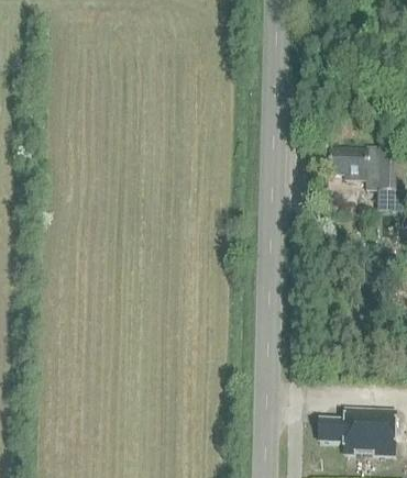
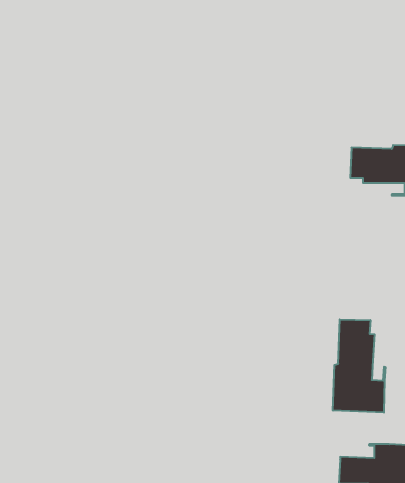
building: none -> [333,319,385,413]

